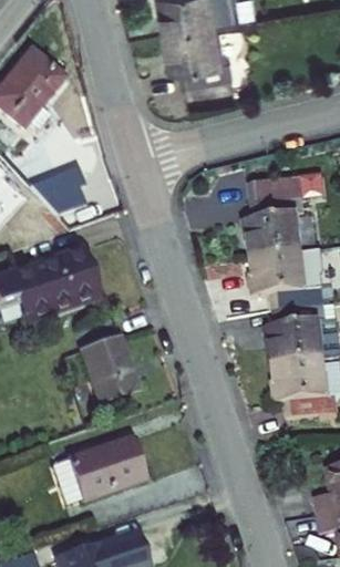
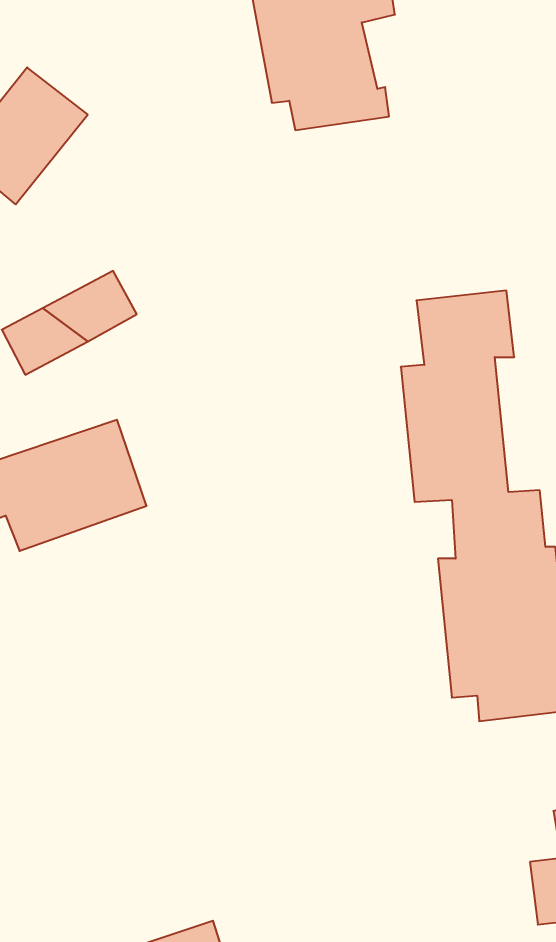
building: [83,338,137,401] -> none
building: [53,436,148,505] -> none

